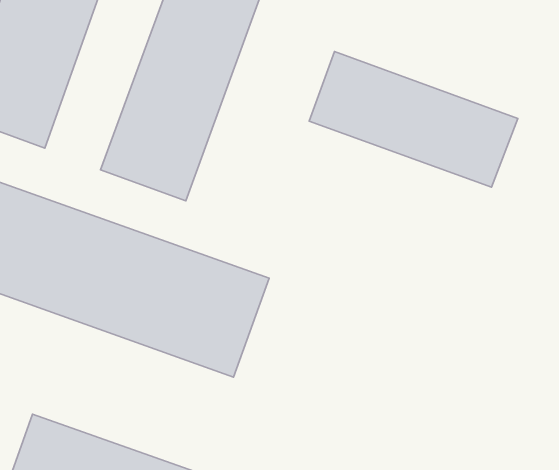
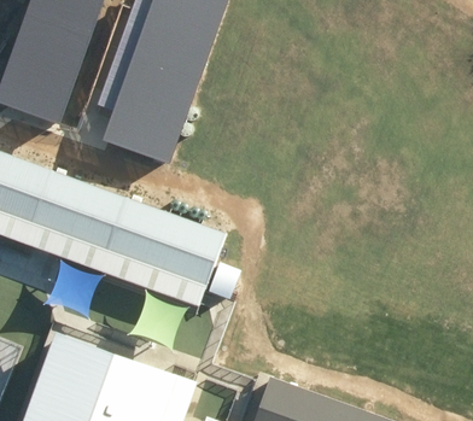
building: [309,52,518,187] -> none

